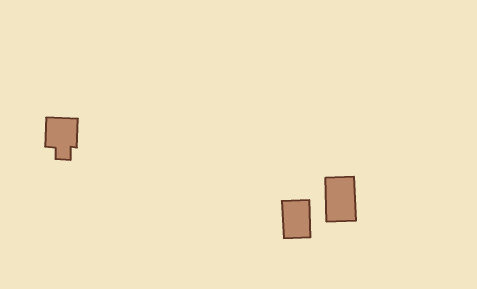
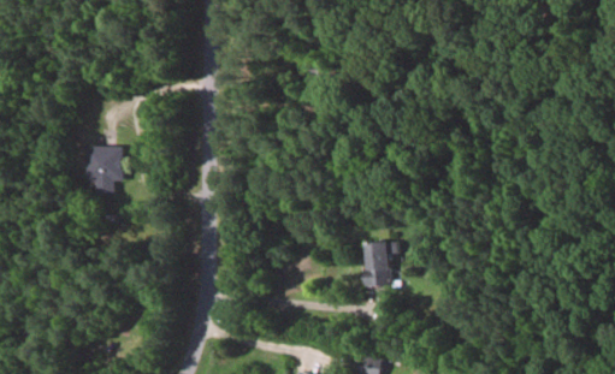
building: [326,177,356,222] -> none

